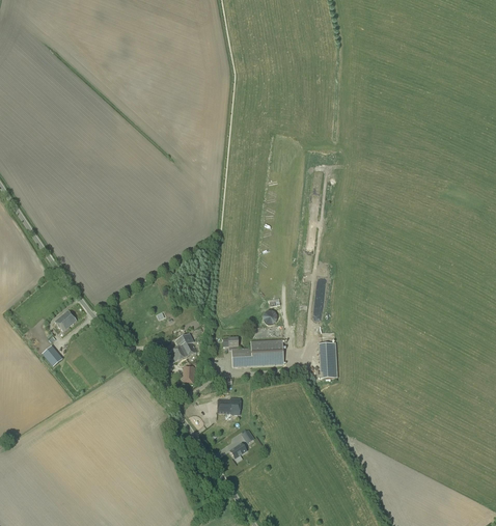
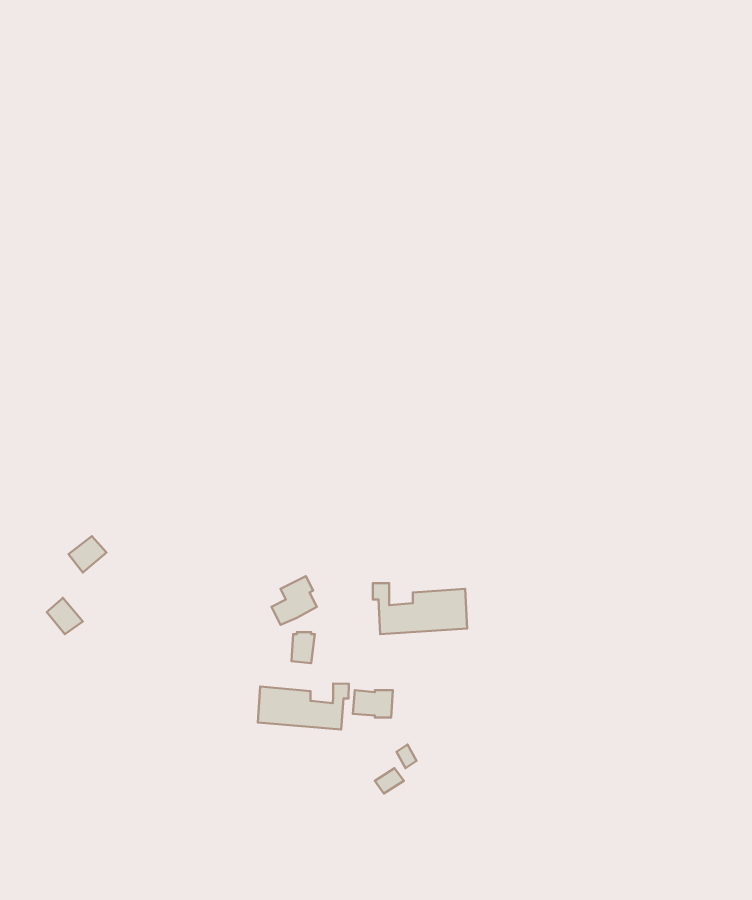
building: [319,343,336,378] -> none
building: none -> [258,683,349,730]

